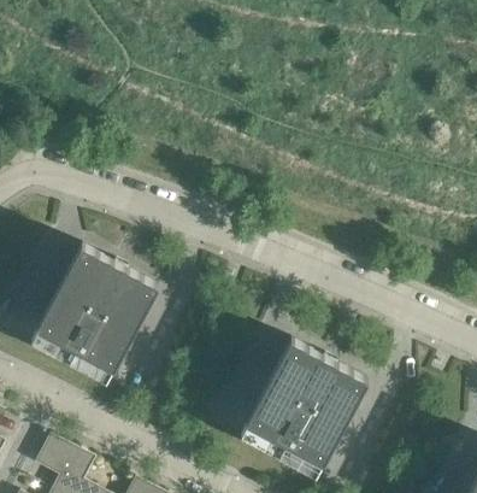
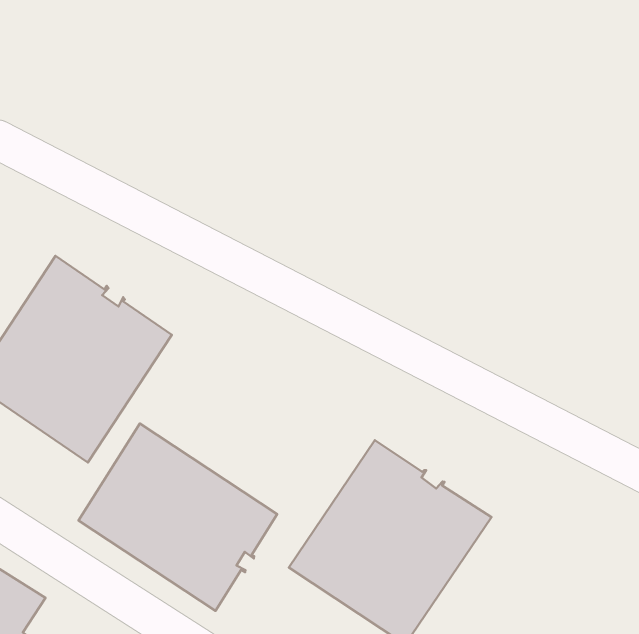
building: none -> [78,423,277,611]

